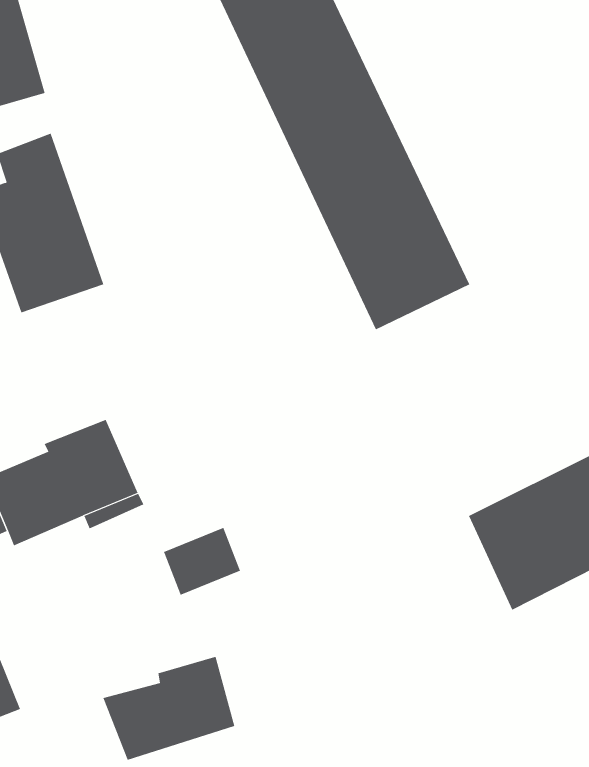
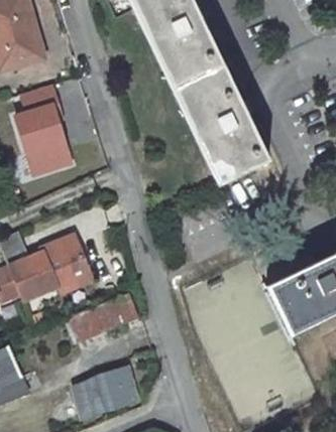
building: none -> [75,304,115,340]

